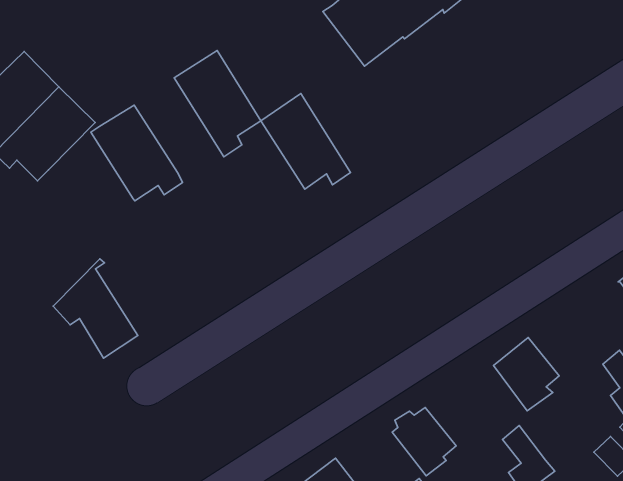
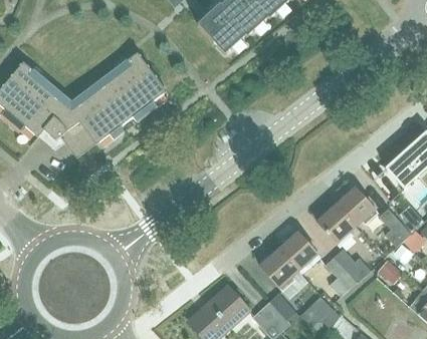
building: [261,93,351,189] -> [91,69,147,125]
building: [53,259,138,358] -> [44,99,95,157]
building: none -> [335,188,378,226]
building: none -> [277,233,318,272]
building: none -> [334,250,370,282]

